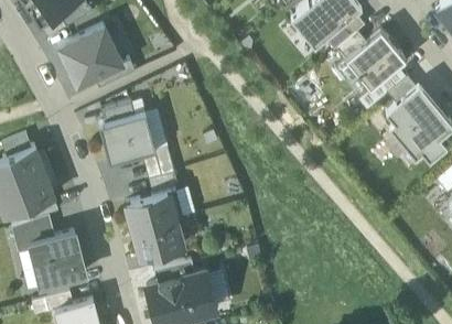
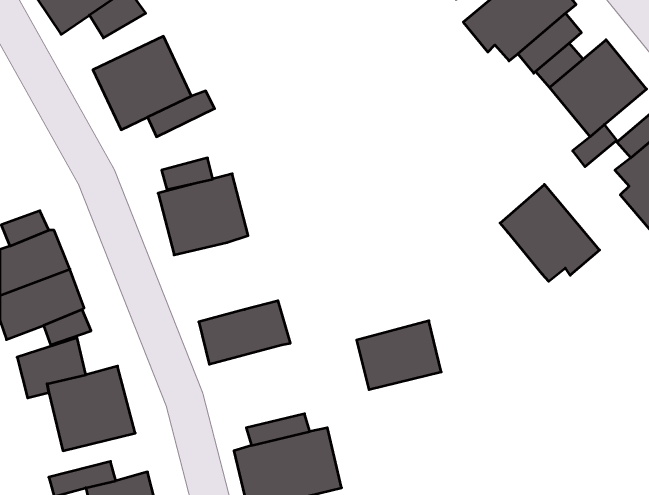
building: none -> [500,184,600,281]
building: [143,149,179,197] -> none
building: [132,219,185,262] -> [357,321,441,390]

